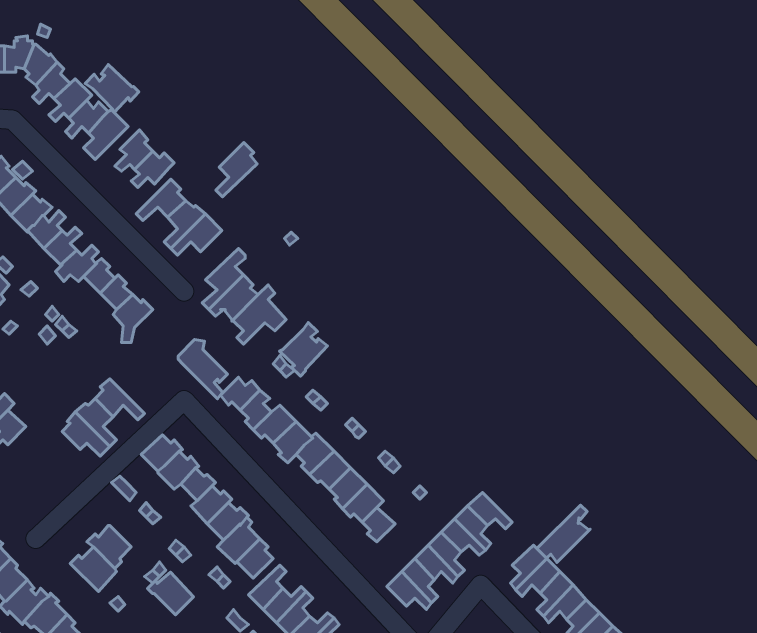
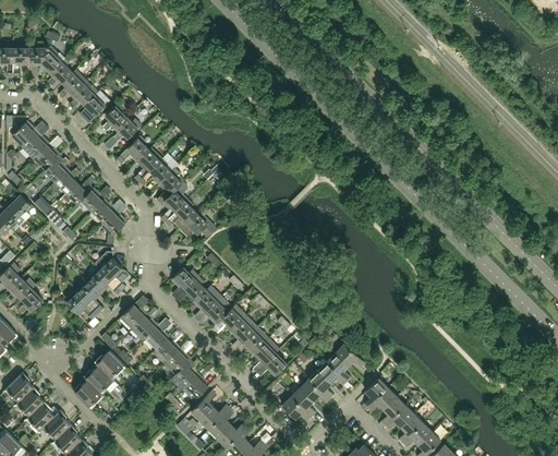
building: [85,65,139,113] -> none
building: [216,142,257,197] -> [156,167,183,203]
building: [279,322,327,376] -> none
building: [178,340,228,399] -> [95,251,128,290]
building: [537,505,590,562] -> none
building: [147,572,194,615] -> [94,350,124,379]

